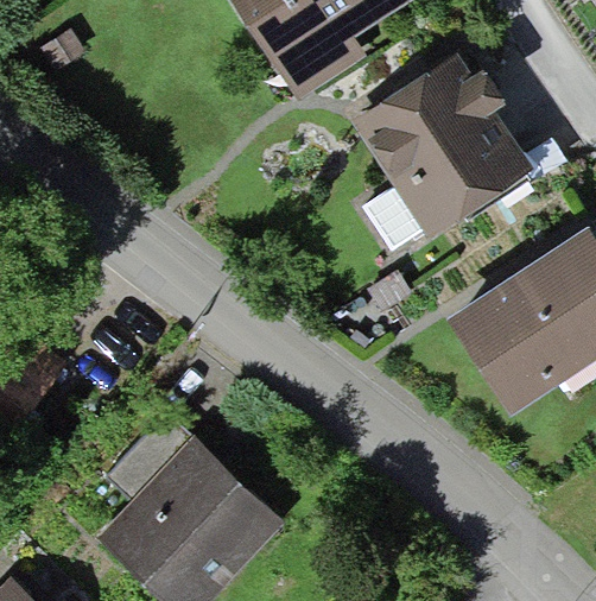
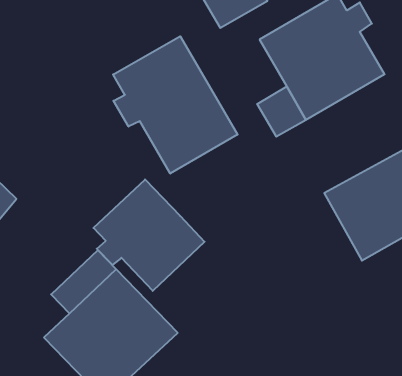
building: none -> [113,36,238,174]
building: none -> [93,179,205,291]

